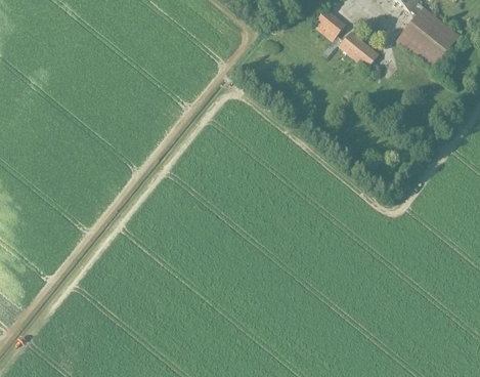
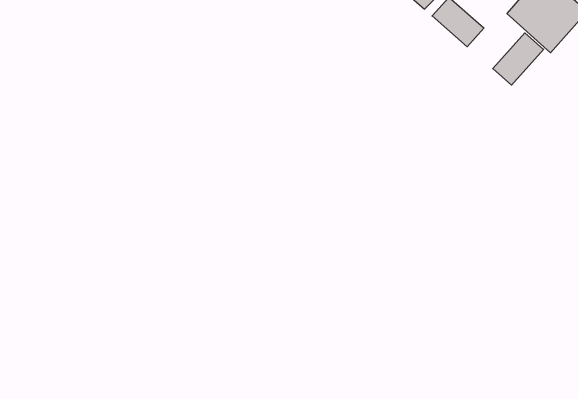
building: none -> [493,33,544,85]

